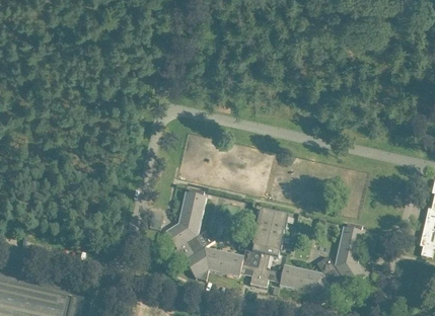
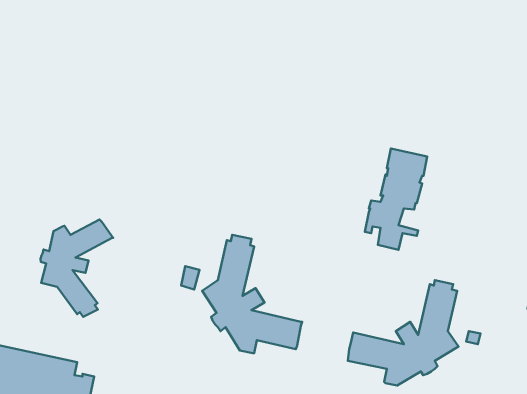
building: none -> [41,219,113,317]
building: [239,209,288,288] -> [365,149,427,250]

